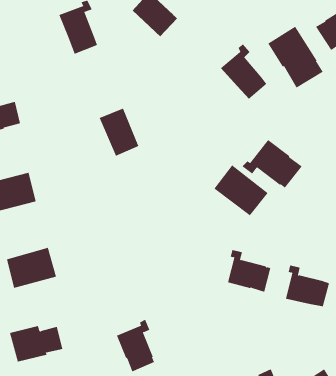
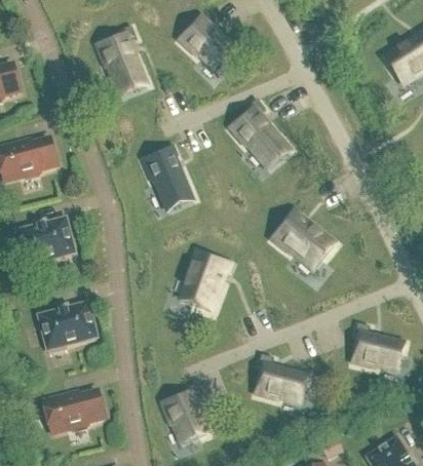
building: [268,26,324,88] -> none
building: [220,43,267,99] -> [231,100,283,162]
building: [242,139,303,188] -> none
building: none -> [180,251,229,311]
building: [227,250,271,293] -> [256,355,305,403]

